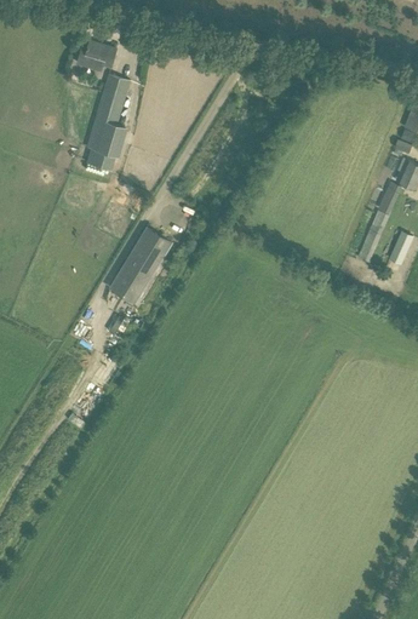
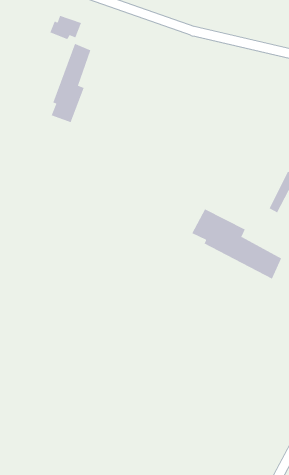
building: [108,229,170,304] -> none
building: none -> [192,208,282,279]

